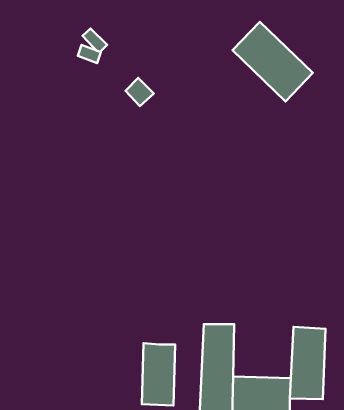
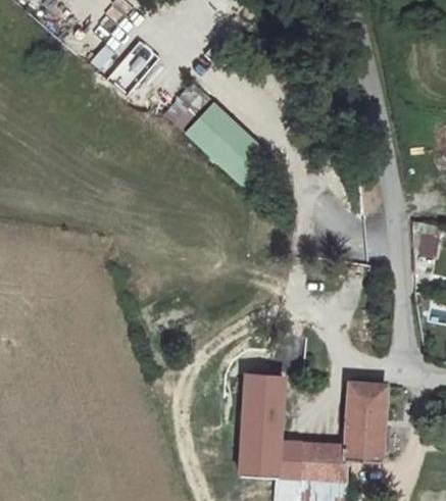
building: [232,22,313,101] -> [181,102,270,191]
building: [142,343,175,405] -> none

